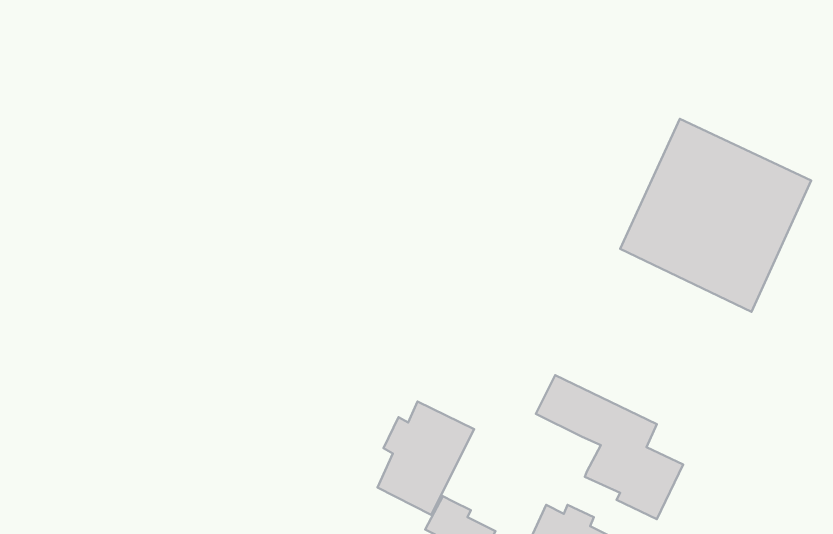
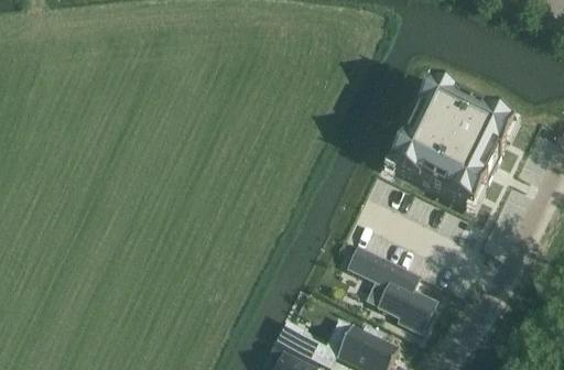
building: [378,401,474,515] -> none

